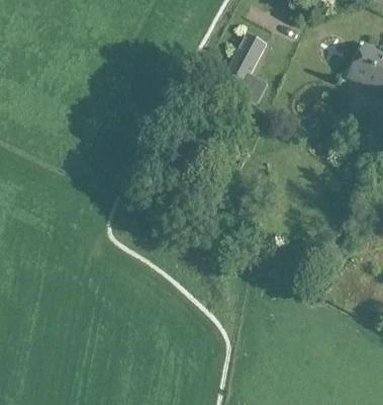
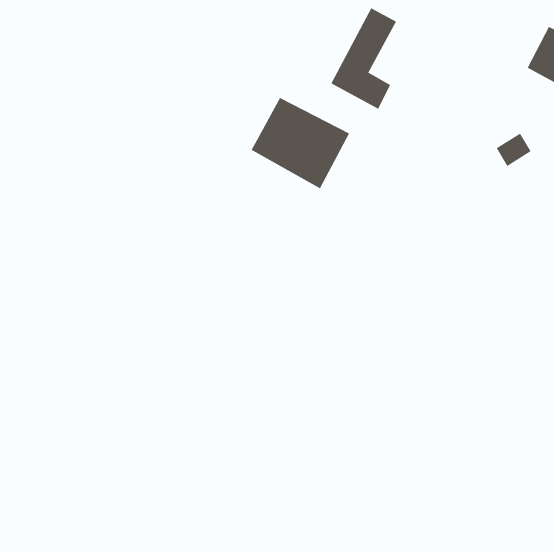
building: none -> [251,97,350,189]

